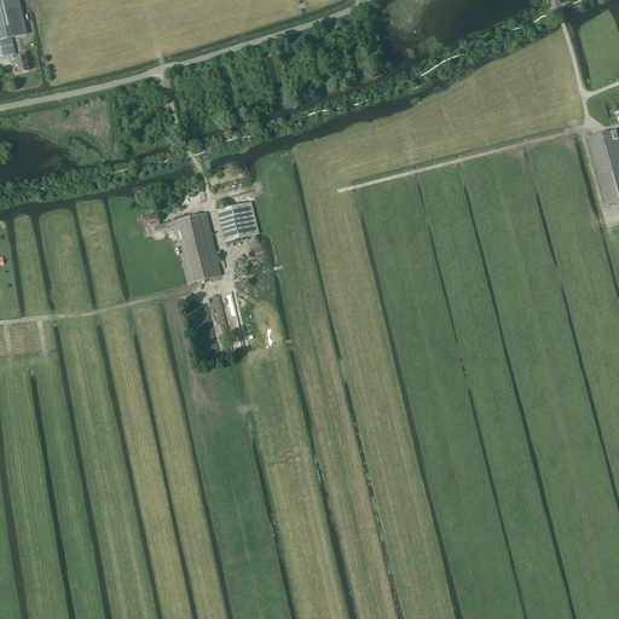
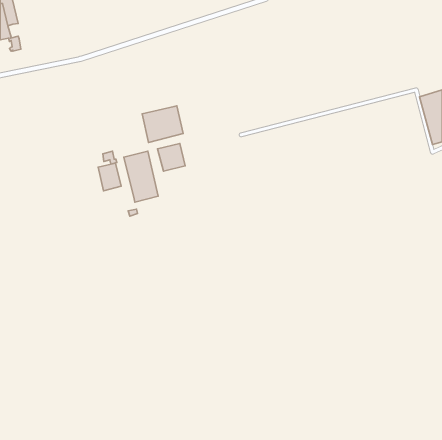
building: none -> [142,106,183,142]
building: none -> [98,163,121,191]

